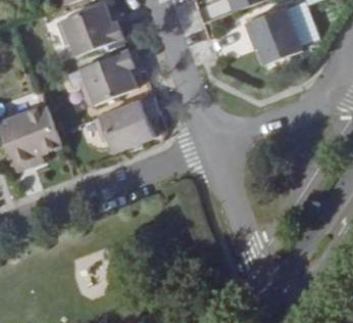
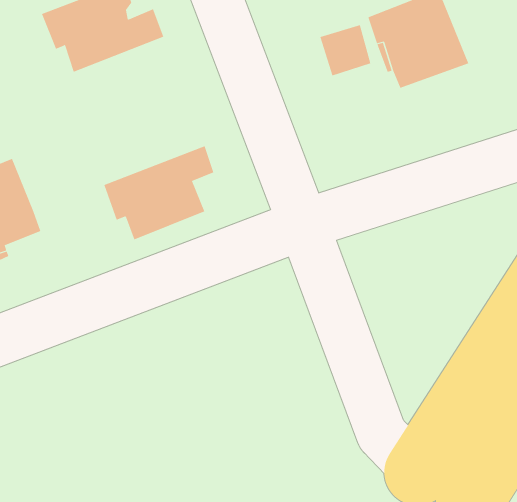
building: [83,47,140,104] -> none

